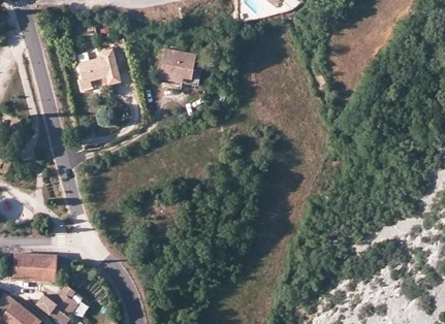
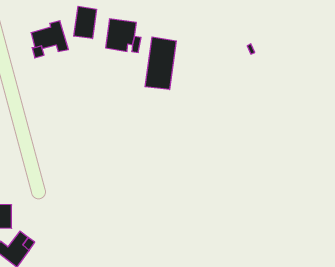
building: none -> [74,6,96,39]
building: none -> [145,37,176,90]

